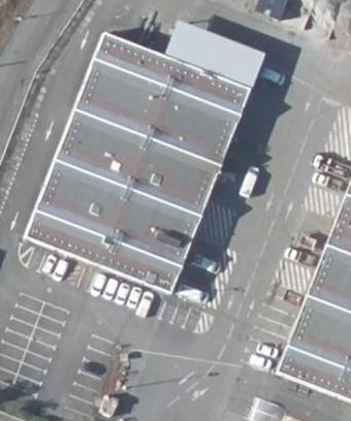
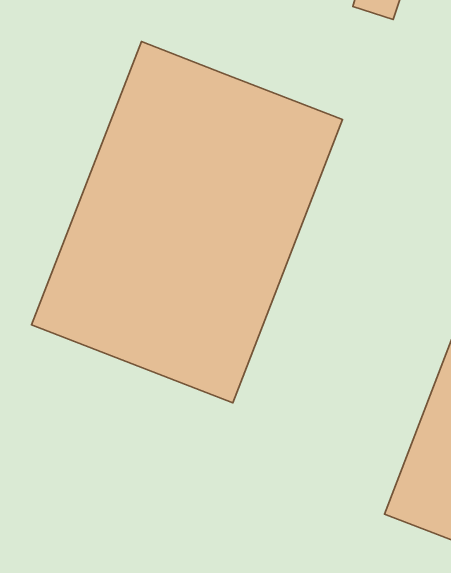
building: [163,24,262,89] -> none

